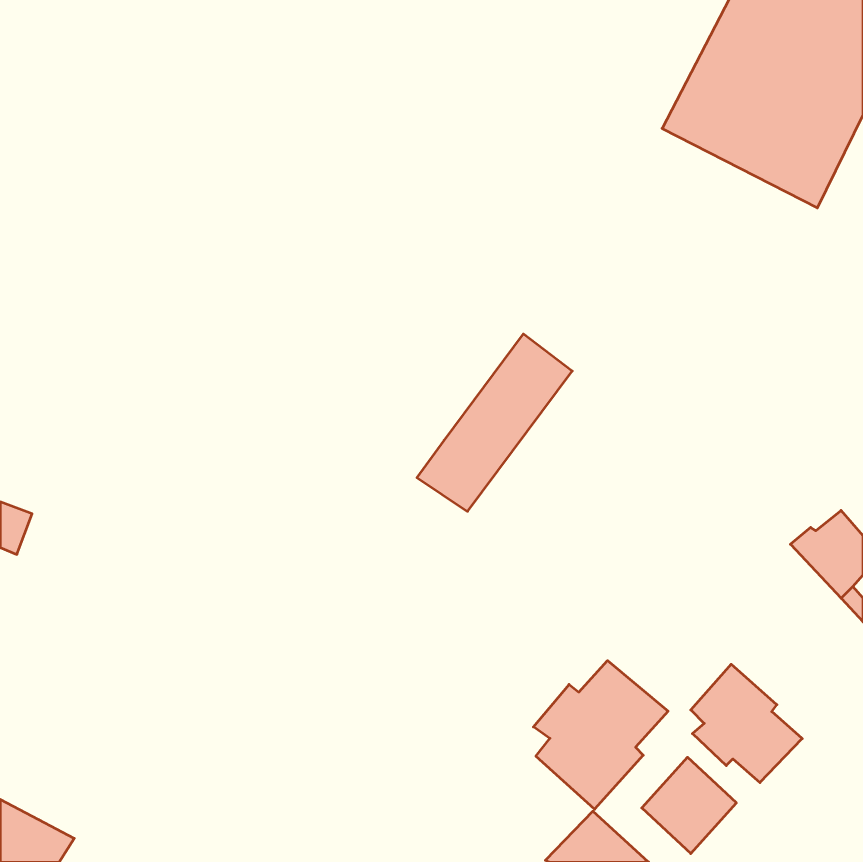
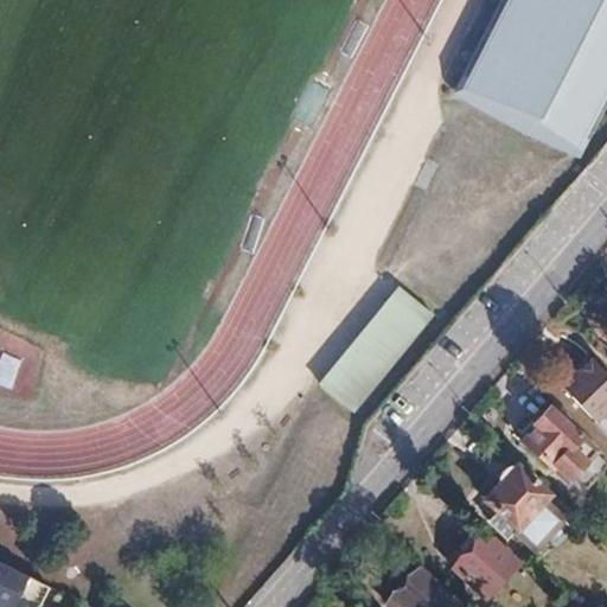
building: [417,334,572,511] -> [327,285,436,409]
building: none -> [522,408,592,480]
building: [533,661,668,809] -> none

